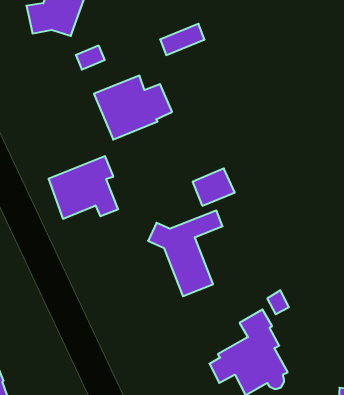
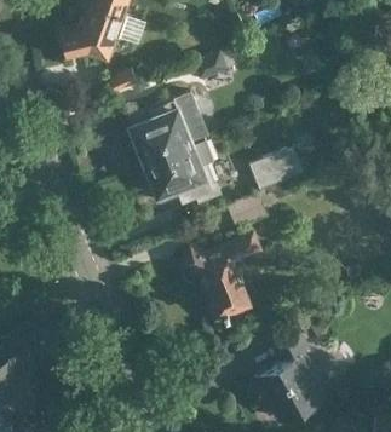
building: none -> [249,149,305,192]
building: [48,156,118,219] -> [148,143,218,206]

